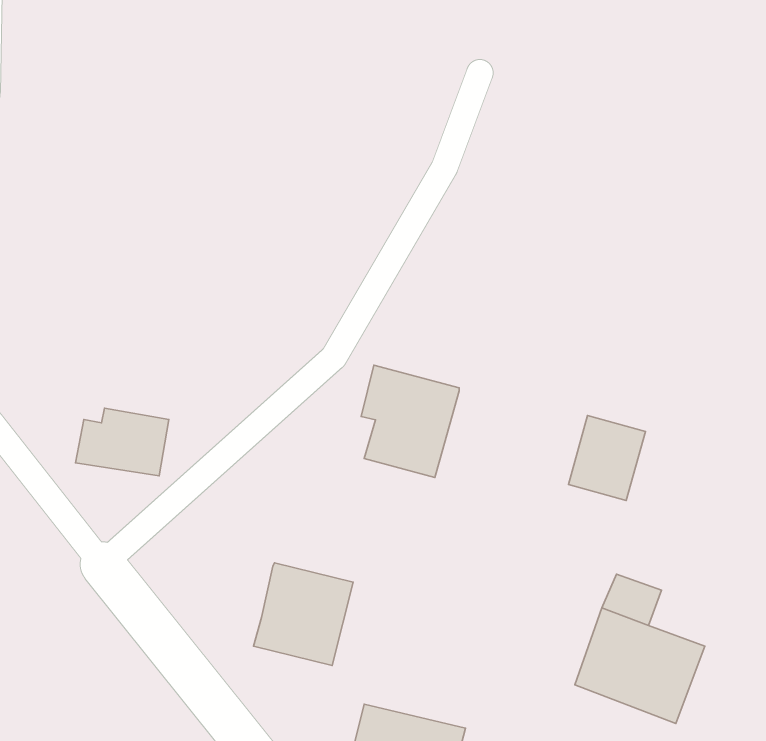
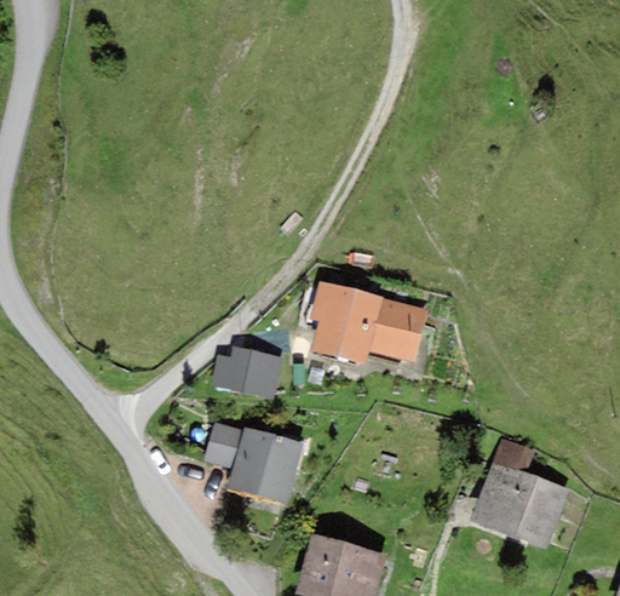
building: [76,408,169,476] -> [209,346,280,397]
building: [568,415,645,501] -> [368,298,426,362]
building: none -> [202,423,242,469]

